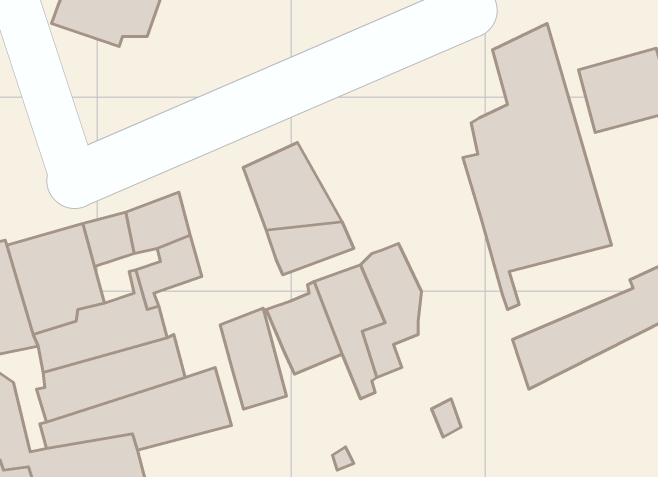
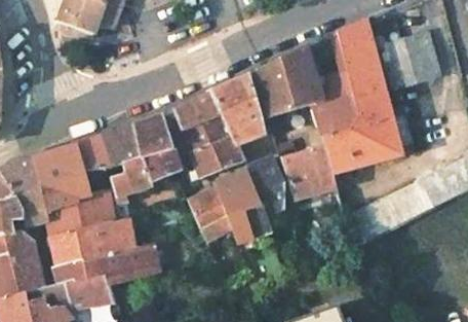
building: none -> [254,44,320,117]
building: none -> [207,76,264,143]
building: none -> [280,141,335,202]
building: [220,308,286,409] -> [133,114,174,177]

